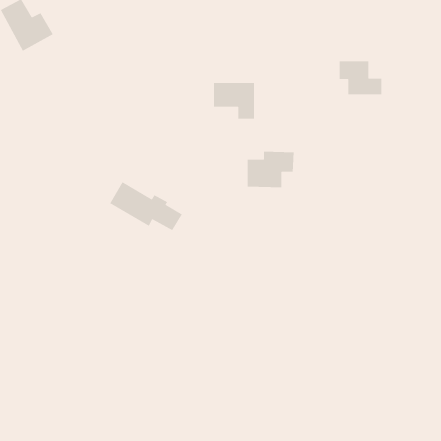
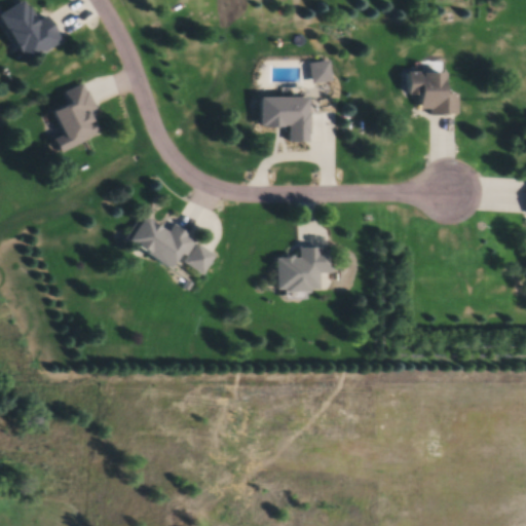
building: none -> [308,61,330,83]
building: none -> [55,83,106,151]
building: [247,151,294,188] -> [270,247,327,291]

